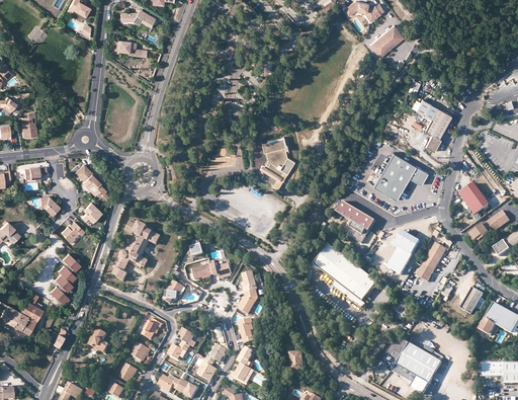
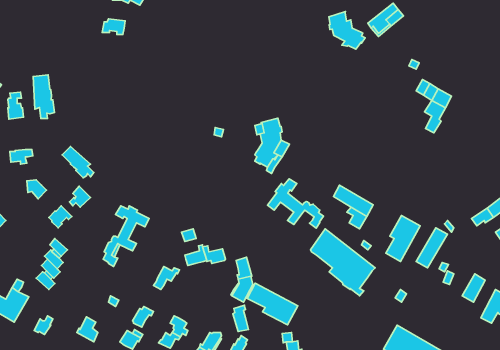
building: none -> [329,12,365,49]
building: none -> [33,75,54,119]
building: [372,152,427,198] -> none
building: [459,183,489,214] -> none
building: none -> [268,179,323,228]
building: none -> [247,283,298,325]

